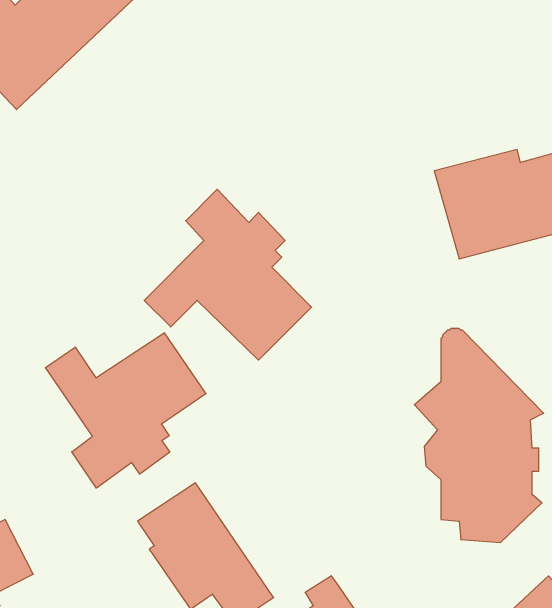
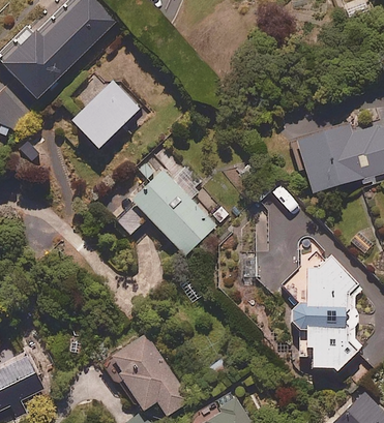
building: none -> [68,80,139,149]
building: [46,333,206,488] -> none

